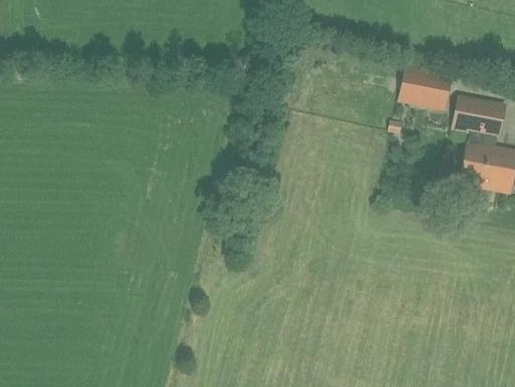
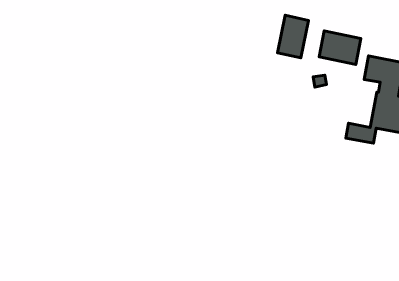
building: none -> [278,15,309,58]

